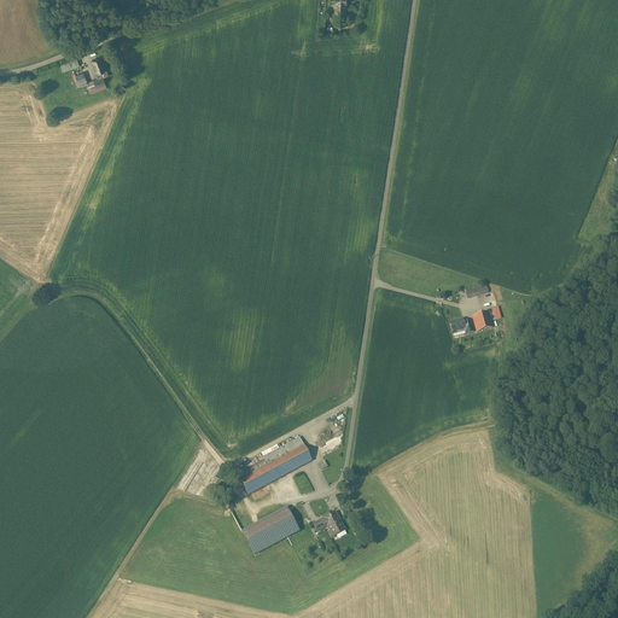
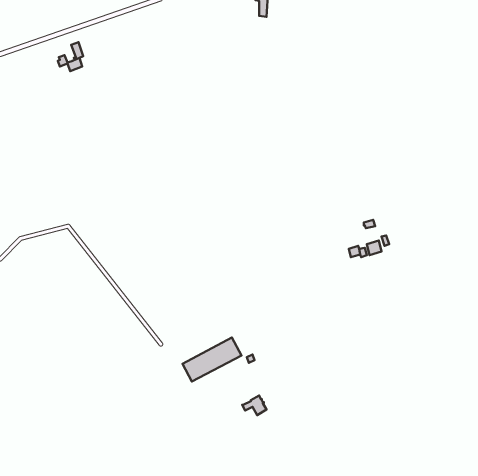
building: [241,507,298,553] -> none

